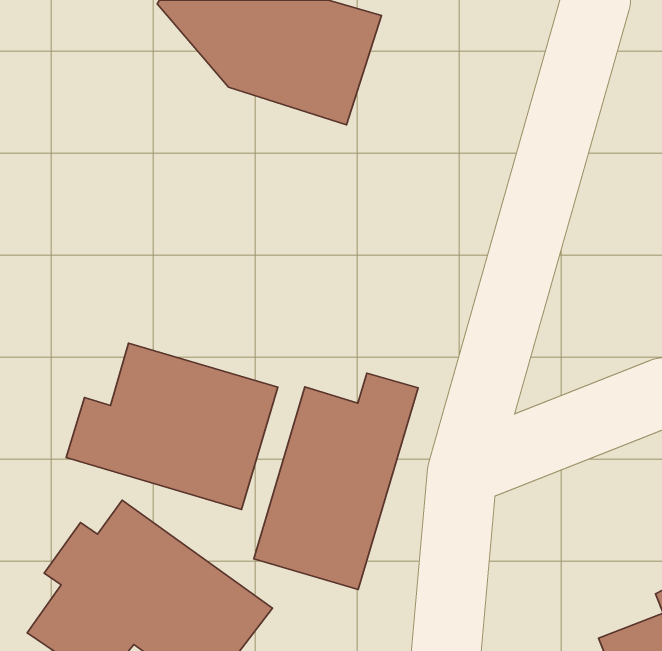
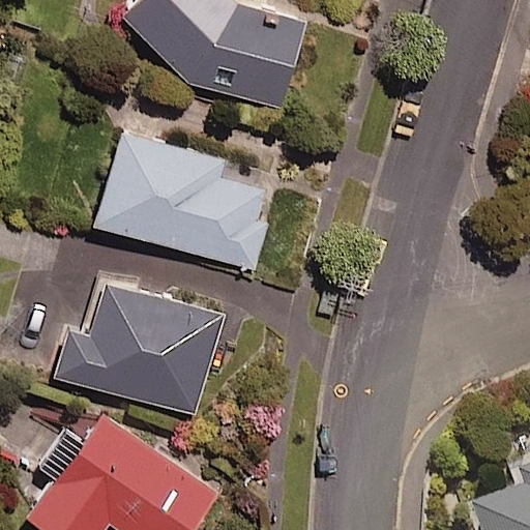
building: none -> [92,129,276,271]
building: [254,373,418,590] -> none

